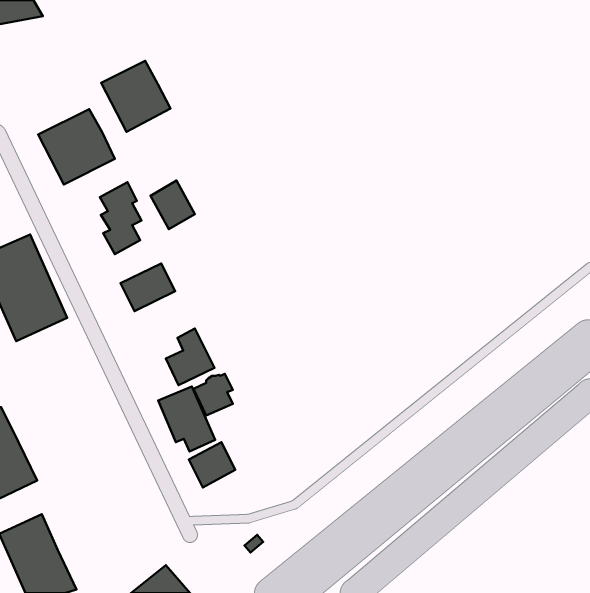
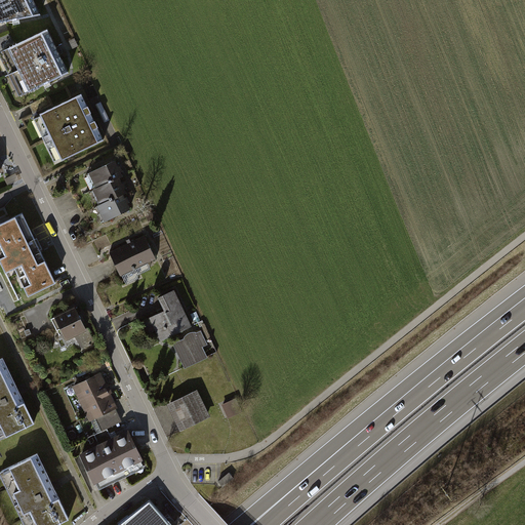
building: [101,61,171,132] -> [5,31,67,93]
building: [151,181,195,229] -> none
building: none -> [51,308,83,340]
building: [158,387,215,452] -> [71,372,121,430]
building: none -> [81,431,143,487]

